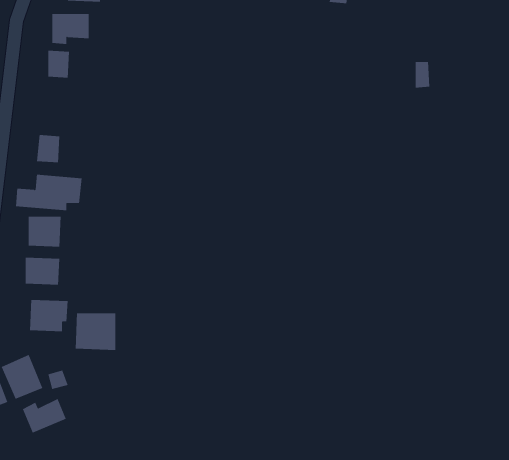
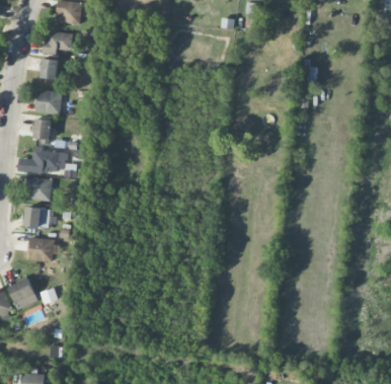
building: none -> [36,90,61,113]
building: [75,313,116,351] -> none
building: [22,398,66,433] -> none

